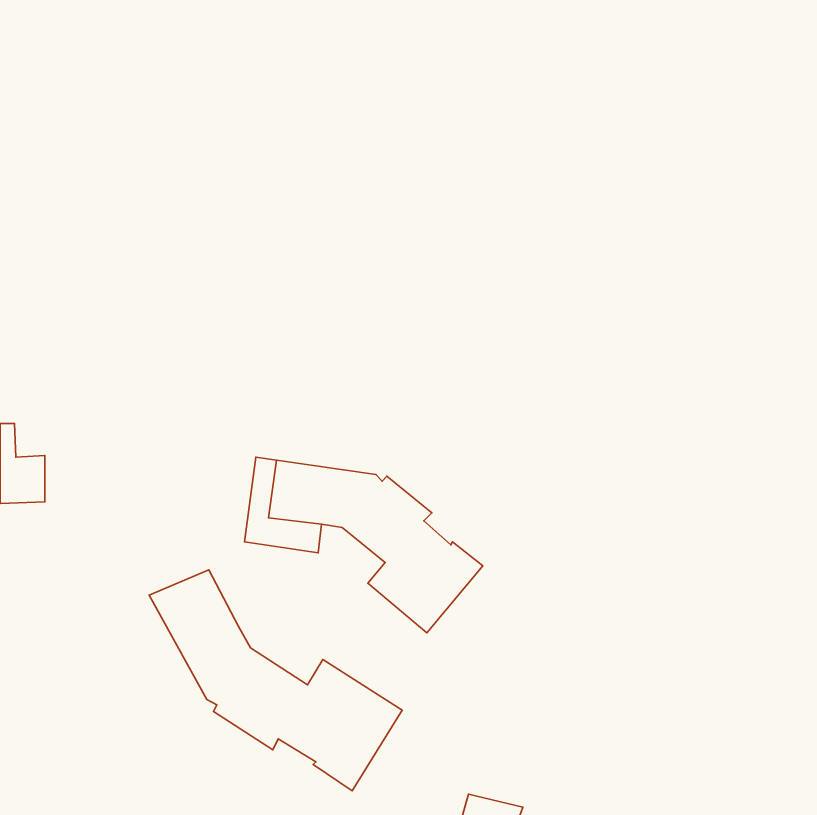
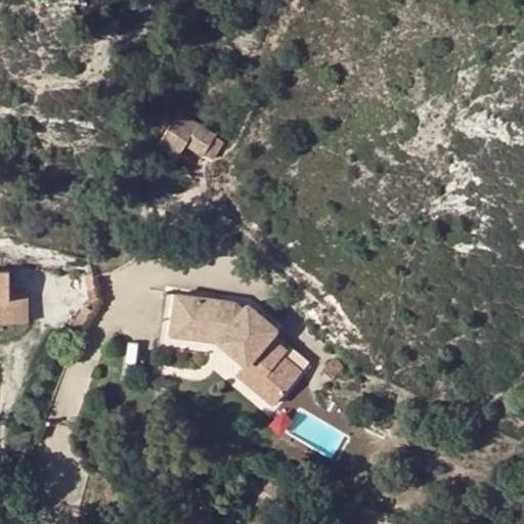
building: none -> [159,112,228,164]
building: [149,570,402,791] -> none

